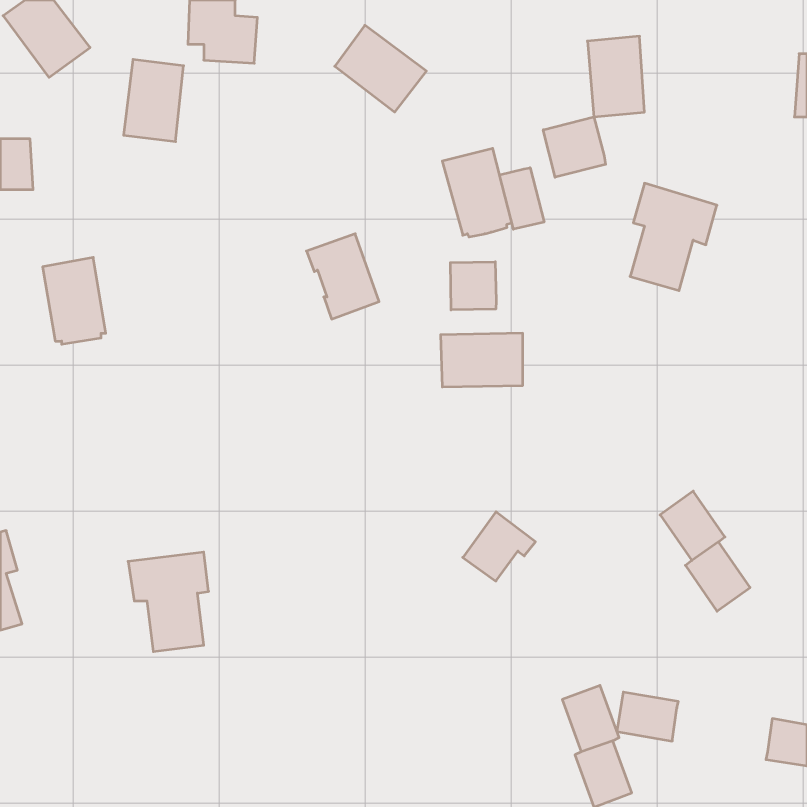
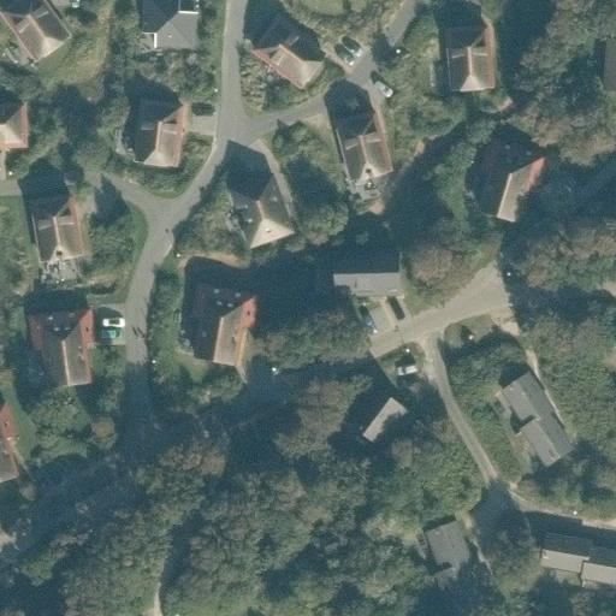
building: [124,59,184,142] -> [136,102,182,165]
building: [543,117,606,177] -> none
building: [499,168,544,229] -> none
building: [450,262,496,310] -> none
building: none -> [194,285,256,363]
building: [128,552,209,652] -> [31,310,93,386]
building: [617,692,678,741] -> [543,535,590,573]

